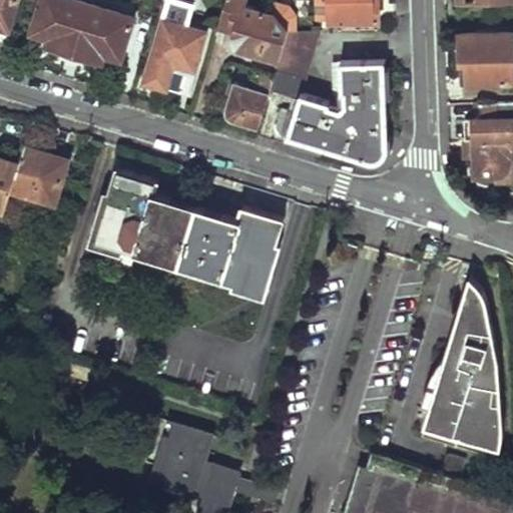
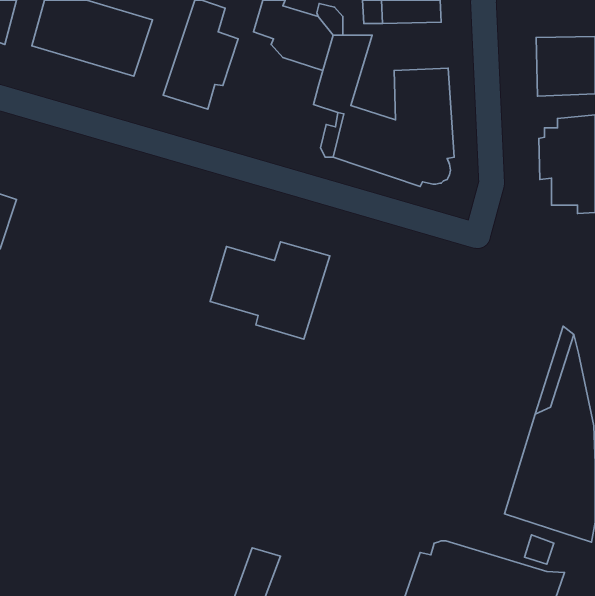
building: [224,72,272,128] -> none
building: [10,149,66,204] -> none
building: [94,173,193,261] -> none
building: [151,424,218,504] -> none

